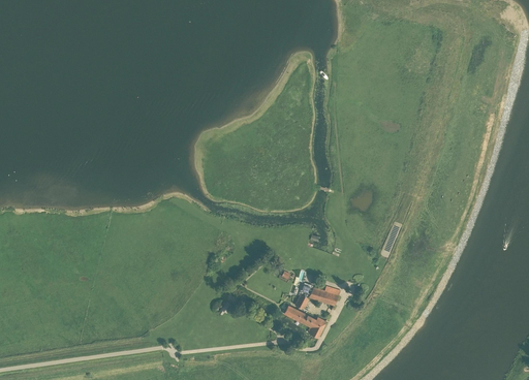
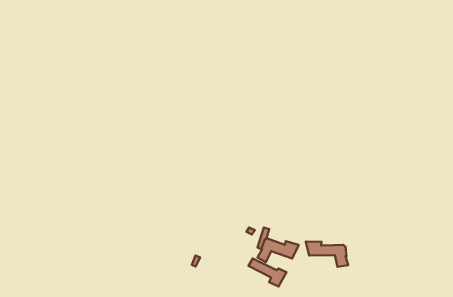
building: none -> [306,241,348,267]

